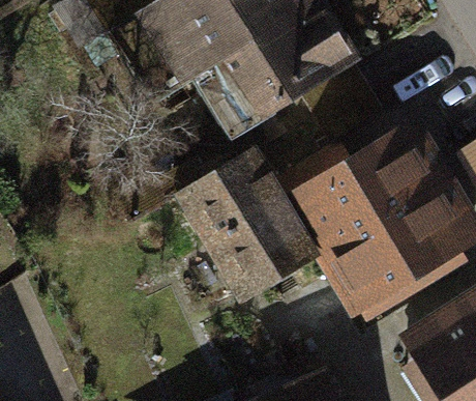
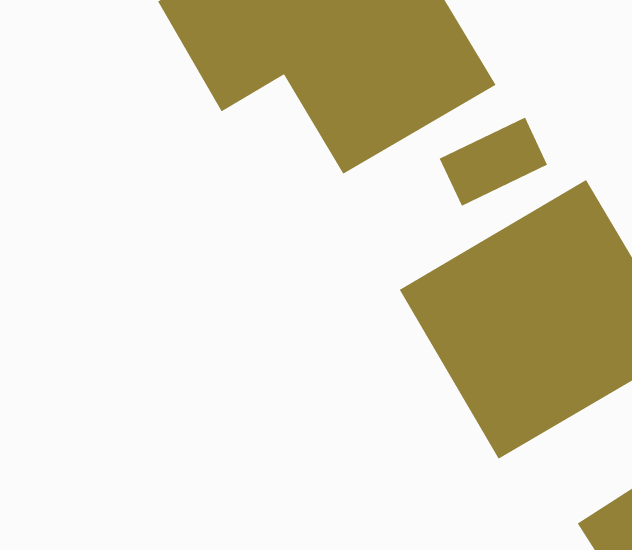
building: [185,155,310,293] -> none

